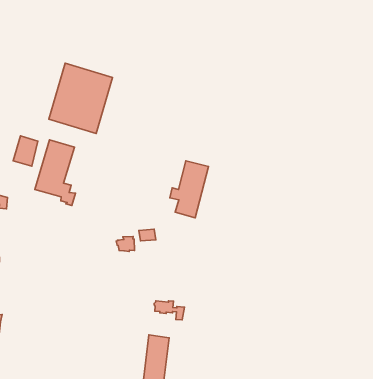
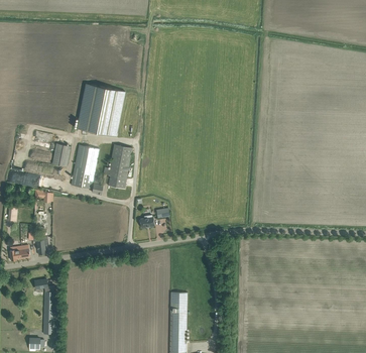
building: [170,161,208,218] -> [103,144,131,189]

